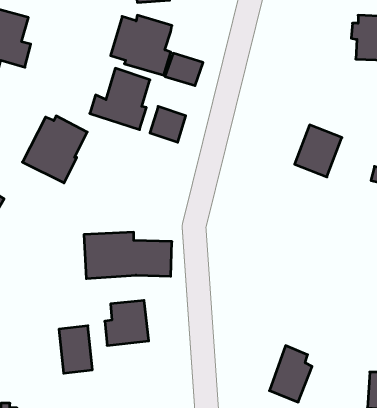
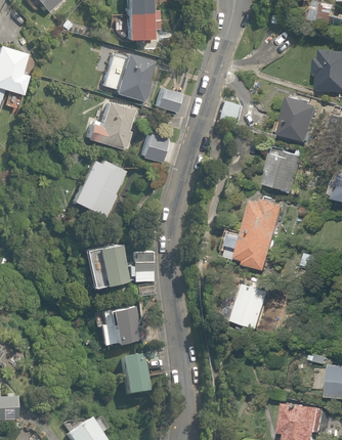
building: none -> [277,93,320,142]
building: [22,116,87,183] -> [69,157,126,216]
building: none -> [233,192,285,267]
building: [59,326,92,373] -> [115,352,144,394]
building: [269,346,312,402] -> [231,280,269,331]

